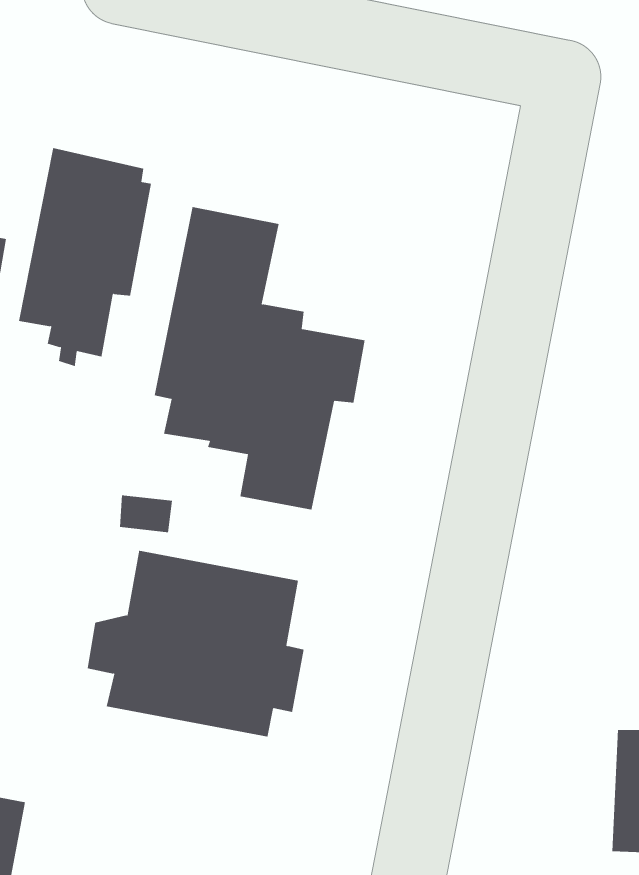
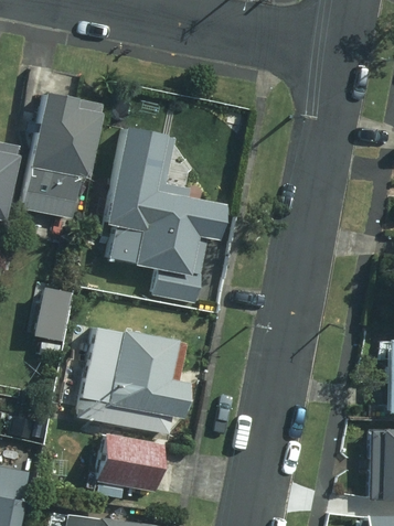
building: none -> [30,279,72,341]
building: none -> [88,433,163,491]

